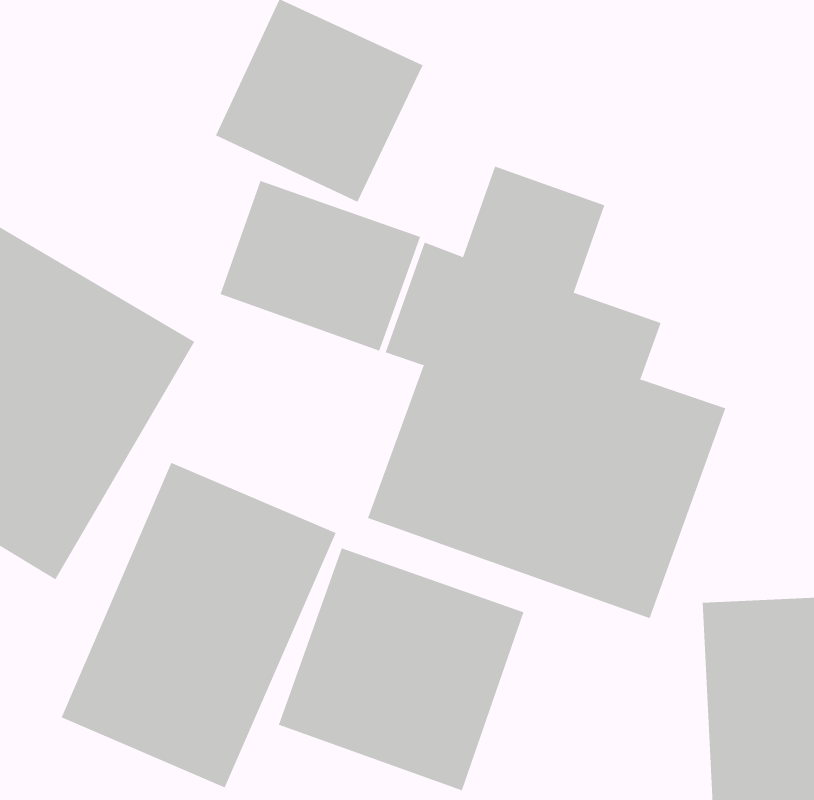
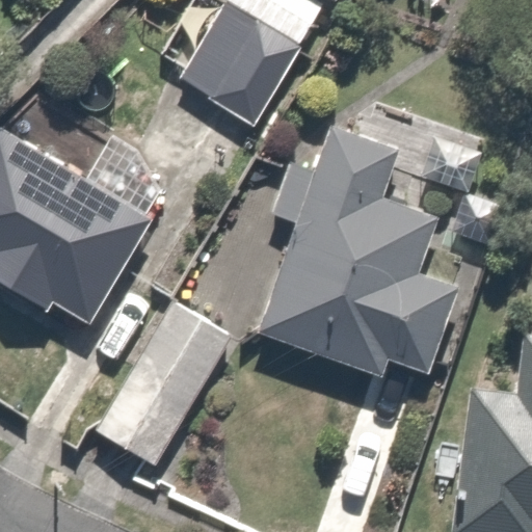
building: [220,180,421,351] -> none
building: [278,548,524,791] -> none

